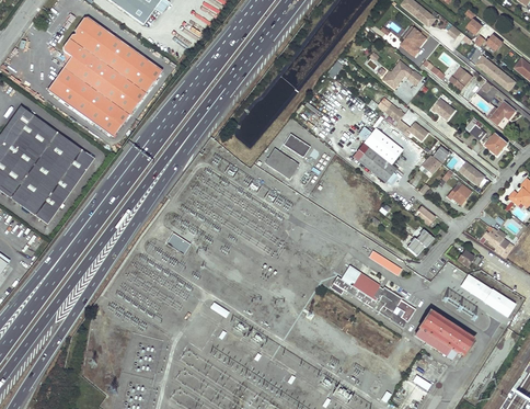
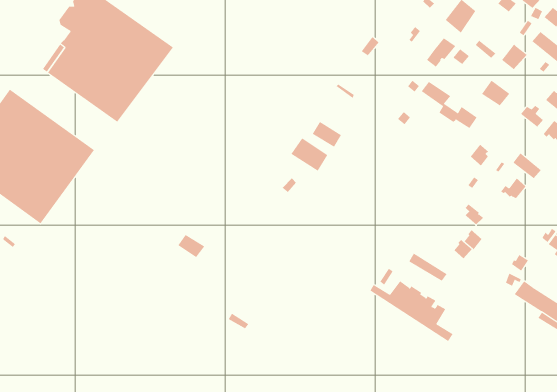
building: [358,127,403,181] -> none
building: [415,310,473,359] -> none

